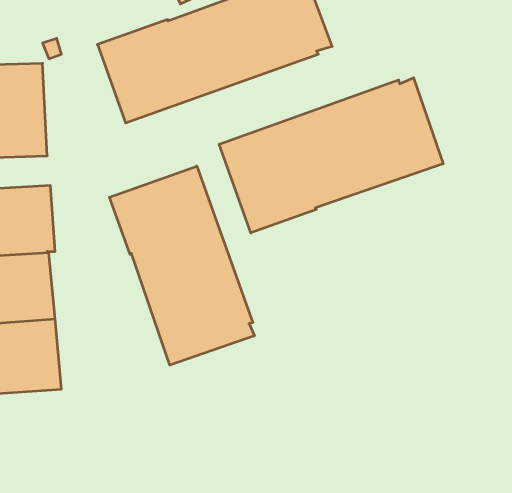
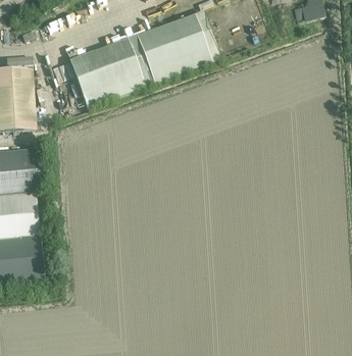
building: [219,78,443,233] -> none
building: [109,166,254,365] -> none

